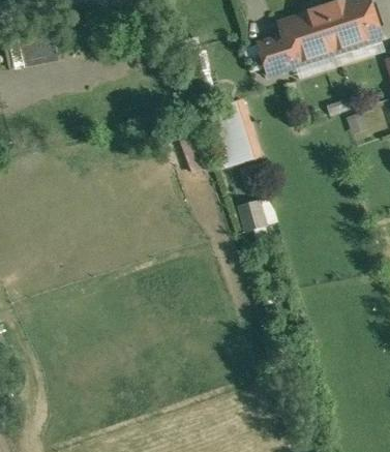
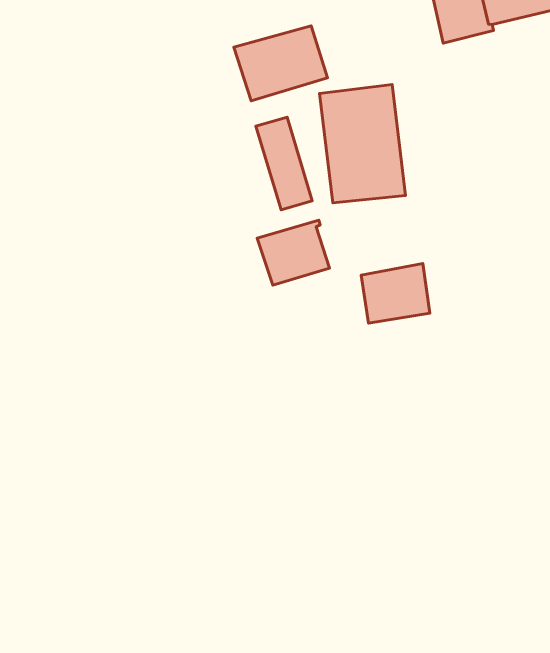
building: none -> [234,26,327,101]
building: none -> [257,220,329,285]

